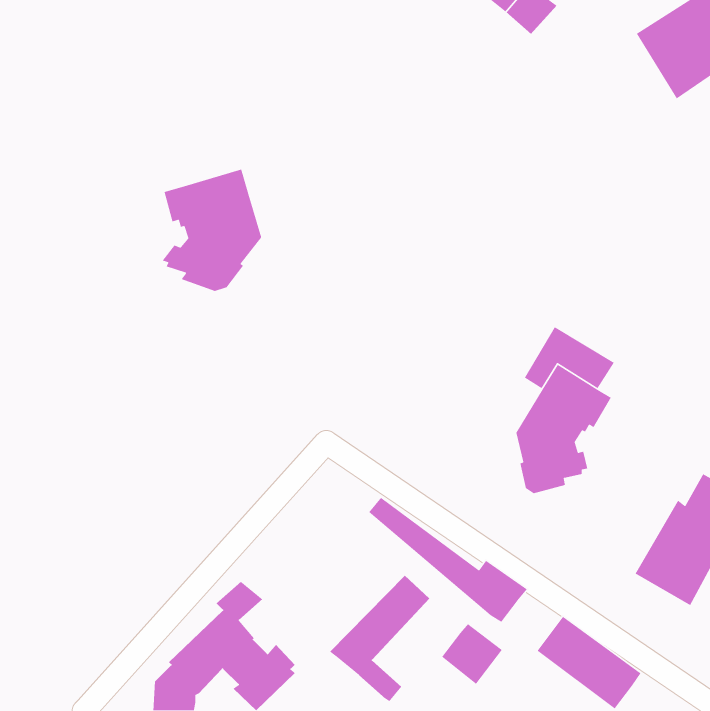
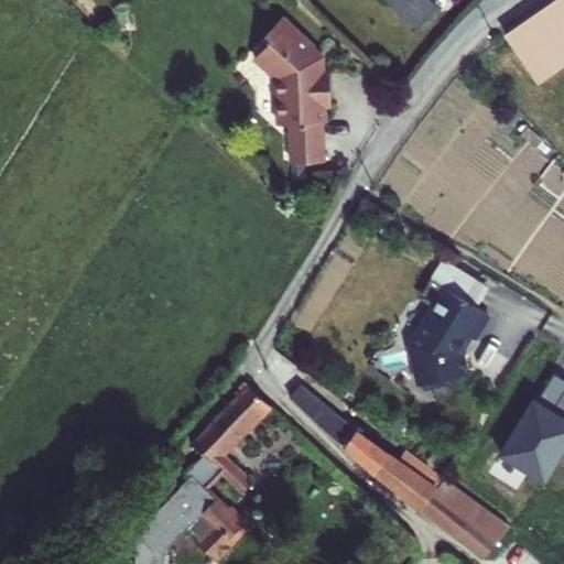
building: none -> [259,28,336,173]
building: [161,168,262,292] -> none
building: [329,575,430,702] -> [188,392,268,492]
building: [441,623,503,685] -> [399,464,447,512]

